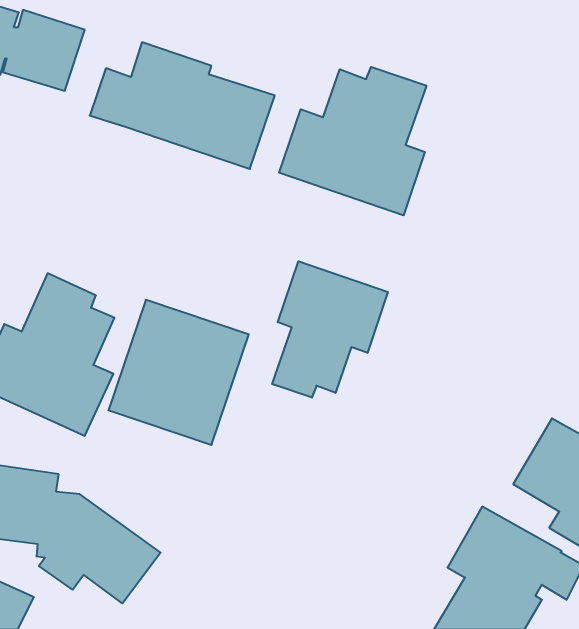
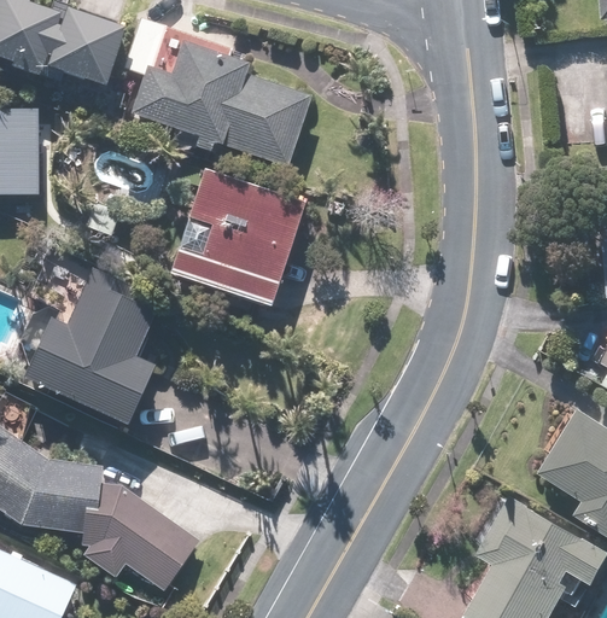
building: [279,67,426,215] -> none
building: [272,261,388,398] -> none
building: [108,300,249,445] -> [167,167,303,308]

